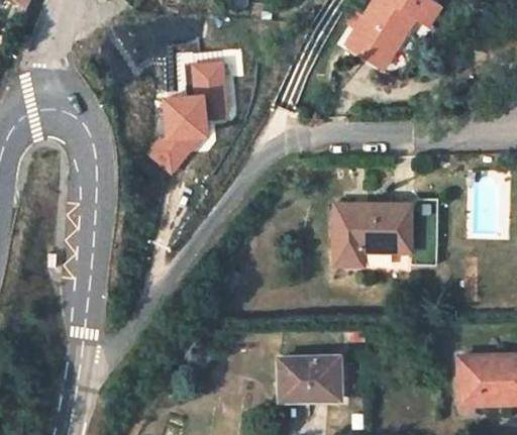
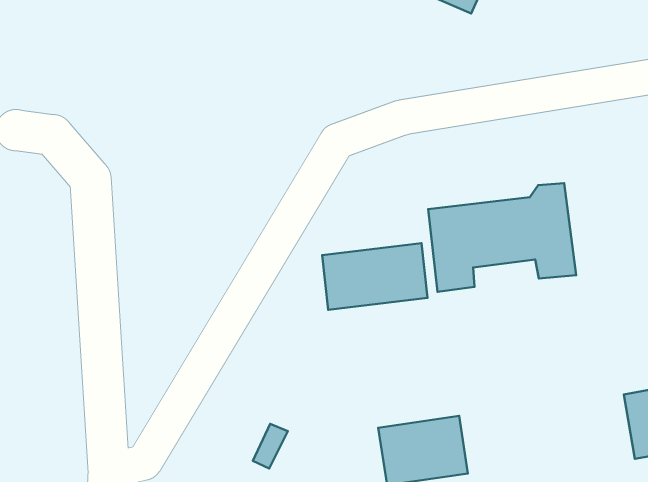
building: [146,66,222,175] -> none
building: none -> [322,243,427,310]

